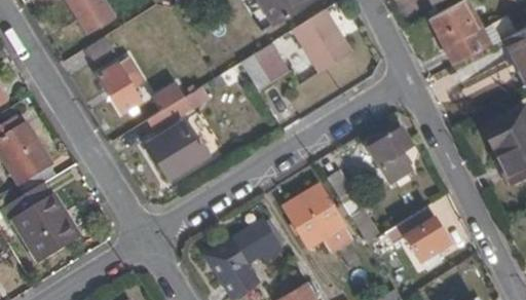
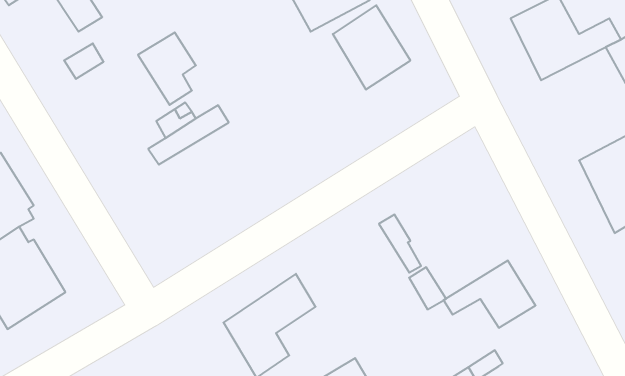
building: [251,41,289,82] -> none
building: [99,57,144,113] -> [138,32,196,105]
building: [148,124,208,179] -> none
building: [370,125,414,175] -> none
building: [286,186,343,247] -> none

